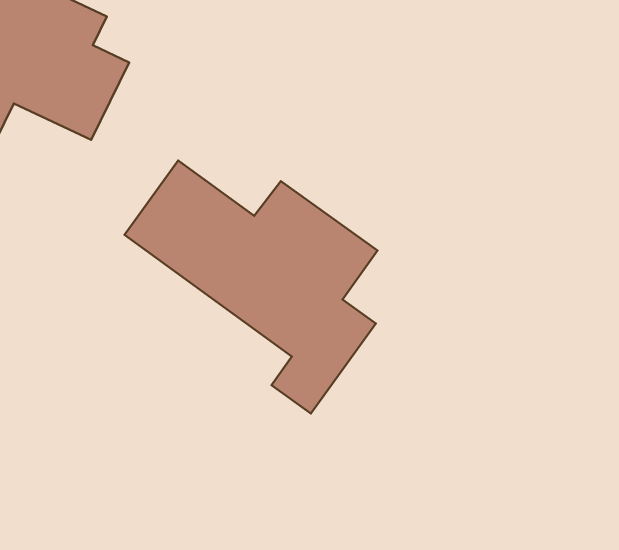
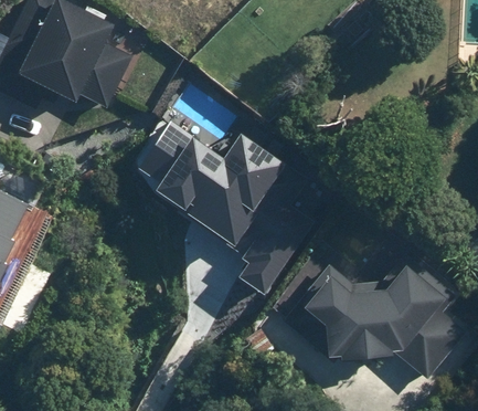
building: none -> [286,254,469,379]

